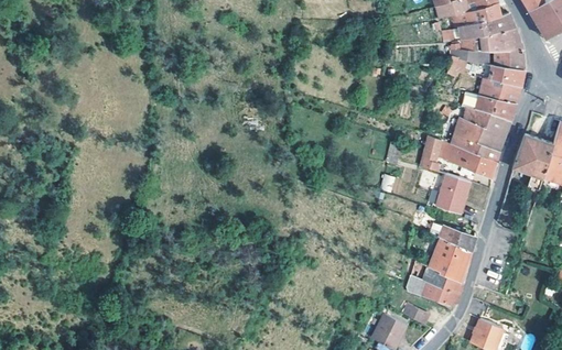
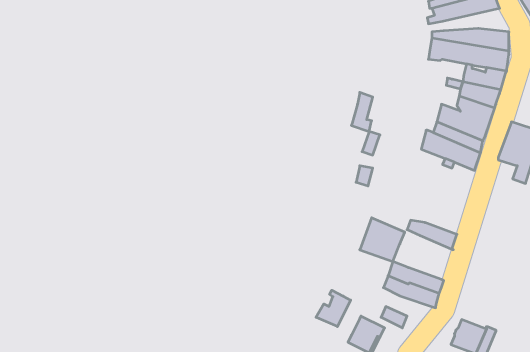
building: [462,28,523,50] -> none
building: [423,135,443,172] -> [351,92,373,131]
building: [440,174,468,212] -> none
building: [430,239,472,280] -> [360,218,405,262]
building: none -> [316,290,351,327]

